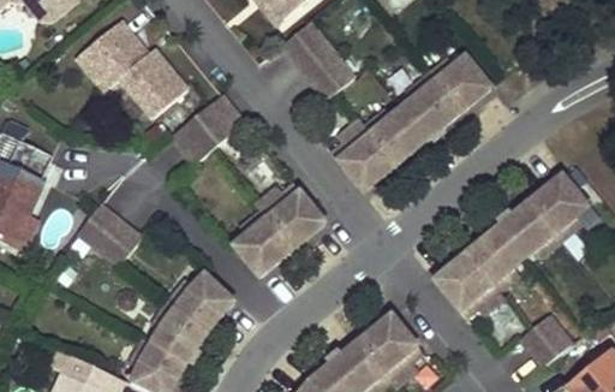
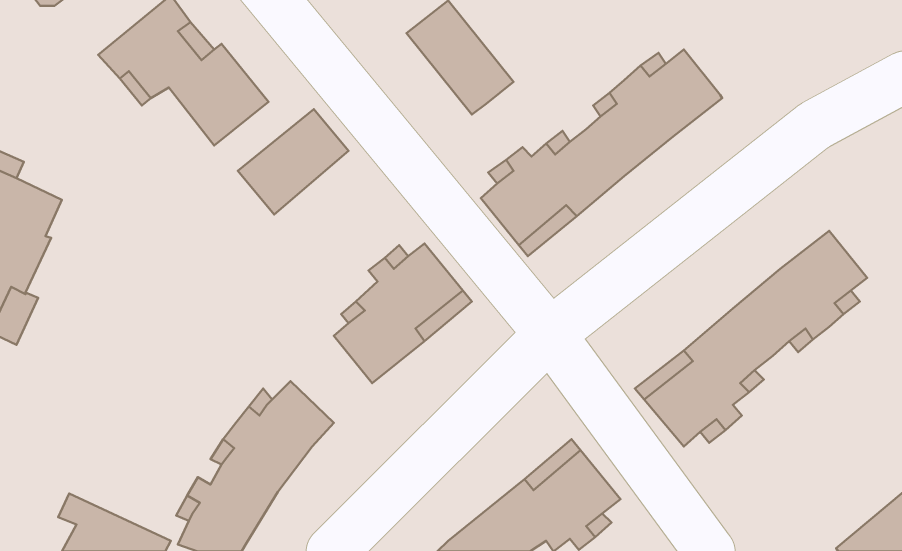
building: [73,207,138,268] -> none
building: [515,317,567,369] -> none

